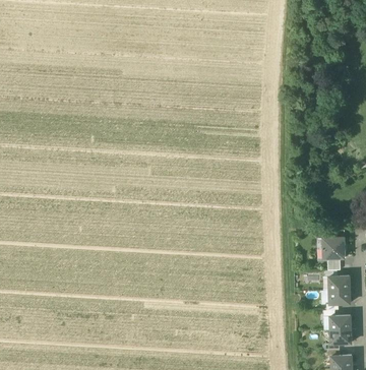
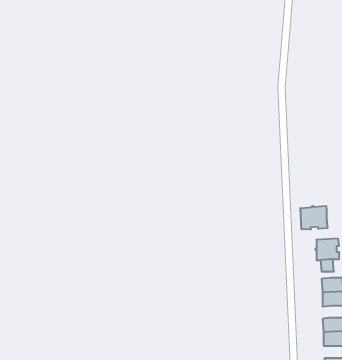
building: none -> [300,206,327,230]

